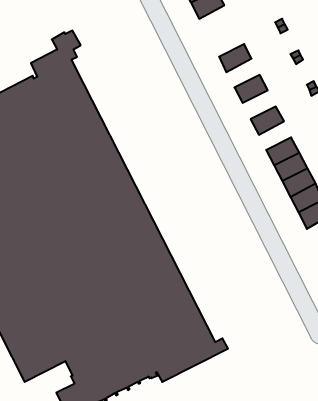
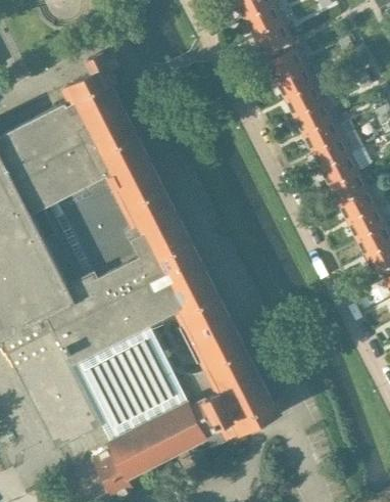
building: none -> [254,21,292,55]
building: none -> [267,48,305,80]
building: none -> [285,82,323,115]
building: none -> [303,118,341,150]
building: none -> [322,152,358,185]

